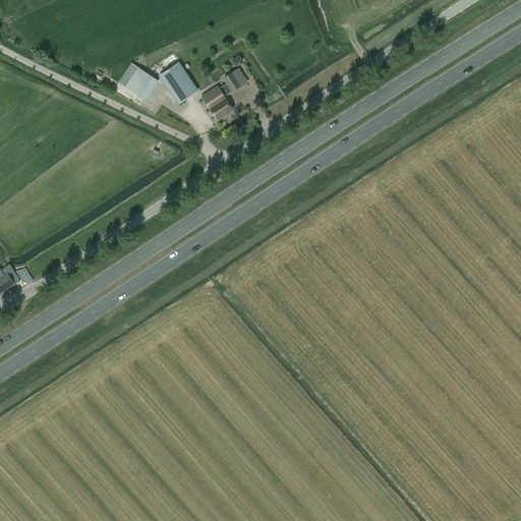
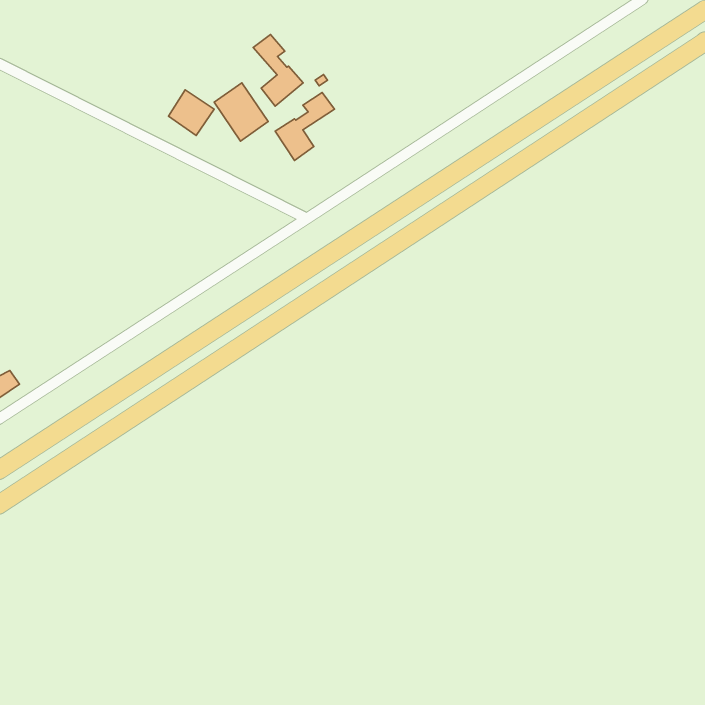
building: none -> [253,35,303,106]

